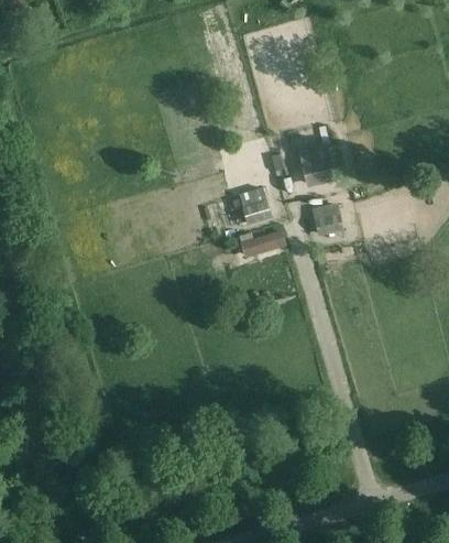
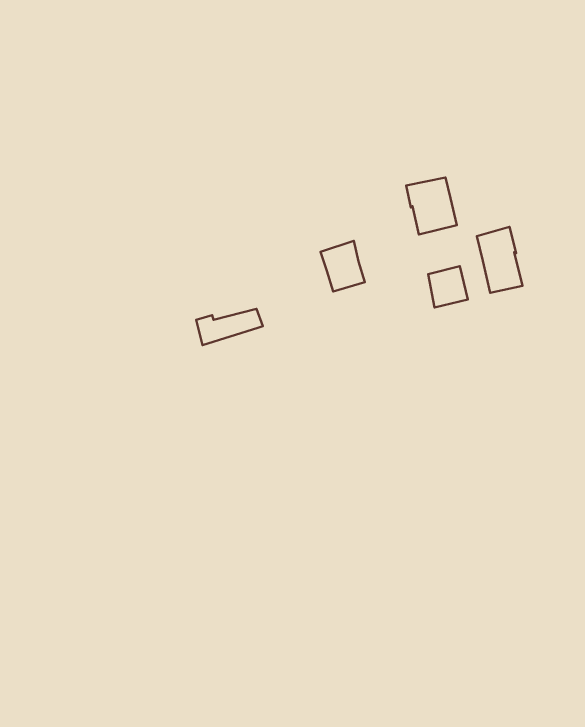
building: none -> [477,227,522,293]
building: [239,229,285,254] -> [196,309,263,345]

